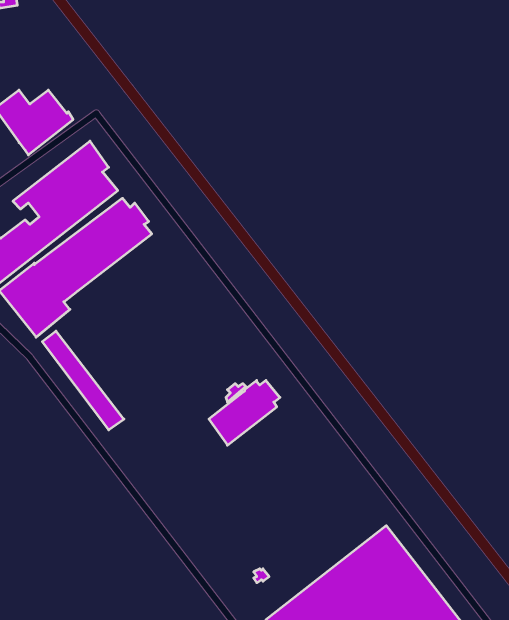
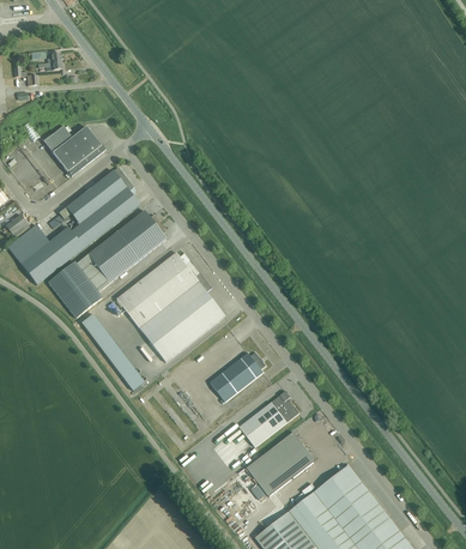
building: none -> [115,253,224,362]
building: none -> [238,391,298,447]
building: none -> [246,433,315,497]

